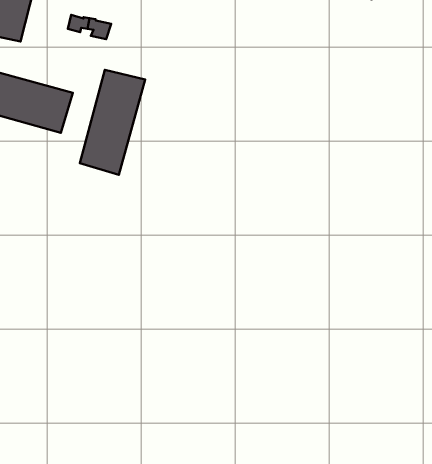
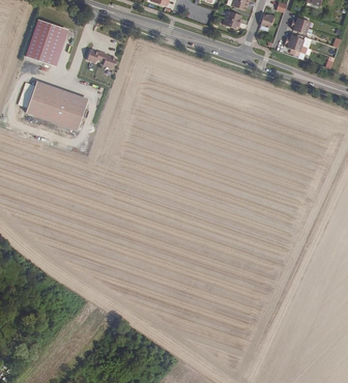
building: [80,70,145,175] -> none

